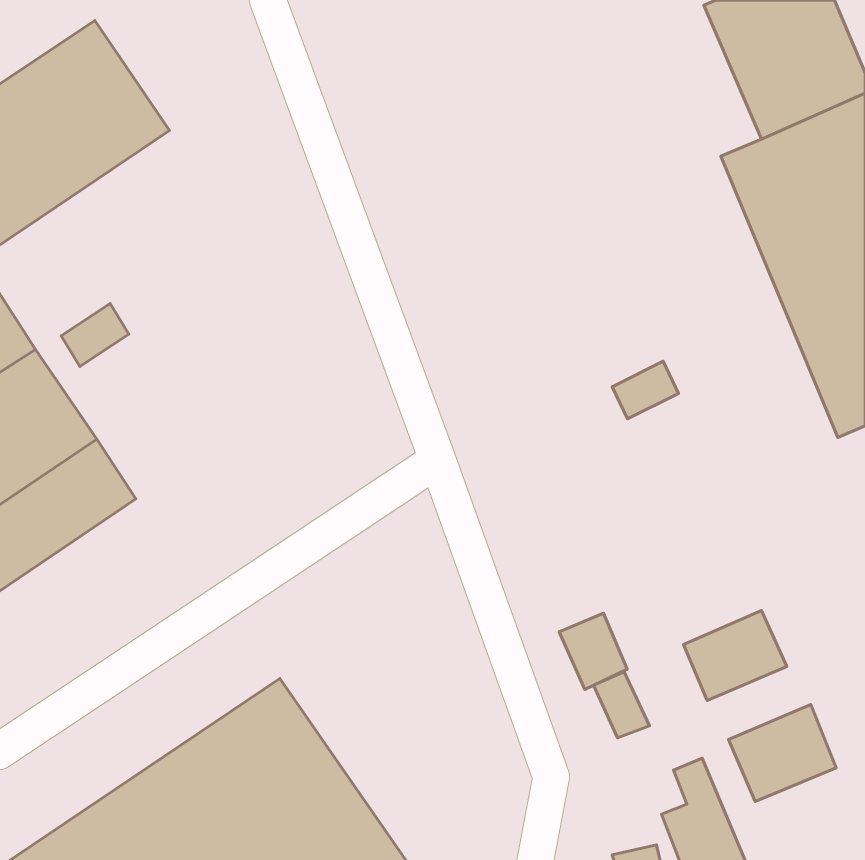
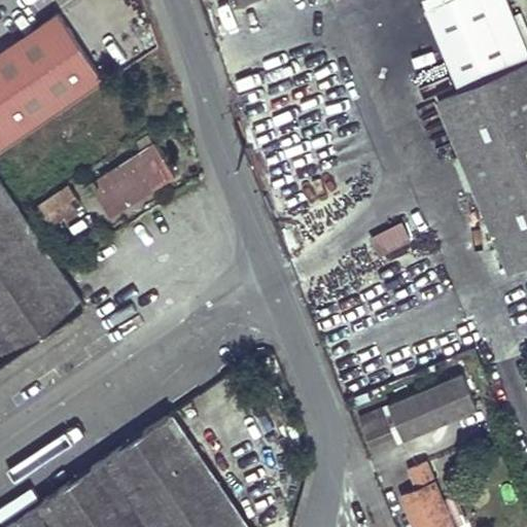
building: none -> [92,137,175,211]
building: [559,613,627,690] -> [388,395,429,442]
building: [729,704,836,802] -> none

